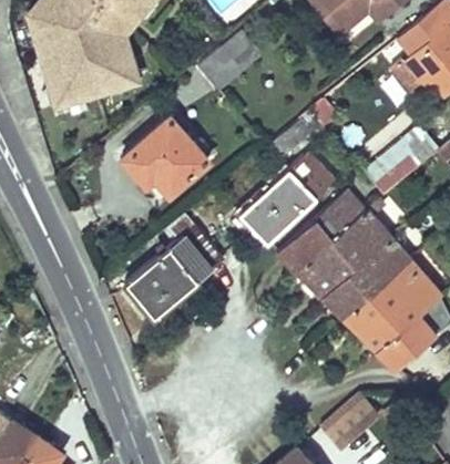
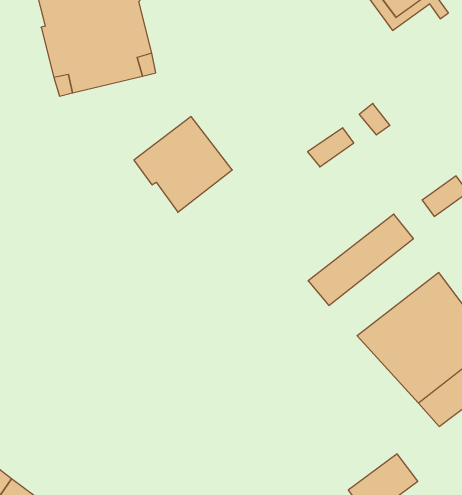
building: [200,32,253,92] -> none
building: [238,154,334,244] -> none
building: [296,212,388,297] -> none
building: [126,214,225,319] -> none

